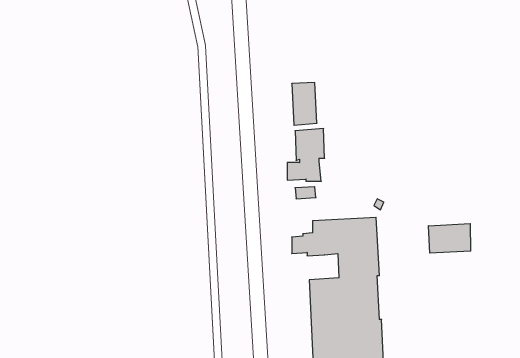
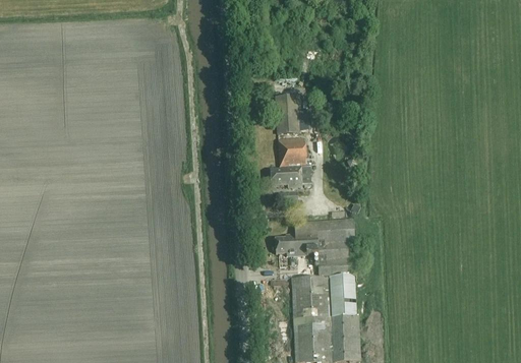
building: [428,224,471,253] -> none

